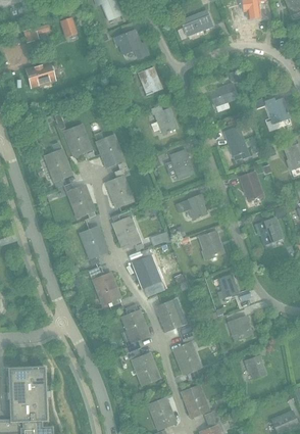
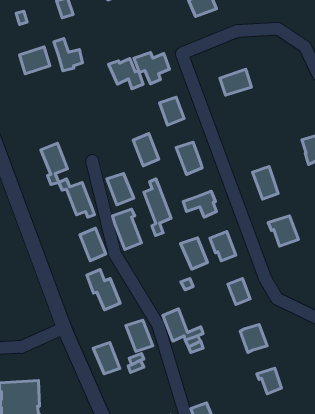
building: [115,31,147,58] -> [108,59,143,89]
building: none -> [54,38,83,71]
building: [264,97,289,123] -> none
building: [64,126,89,155] -> none
building: [223,126,247,155] -> none
building: [97,136,120,165] -> [133,133,159,166]
building: none -> [144,179,171,235]
building: [133,257,157,286] -> [181,238,208,269]
building: [174,343,198,373] -> none
building: [134,354,158,383] -> [93,343,120,374]

